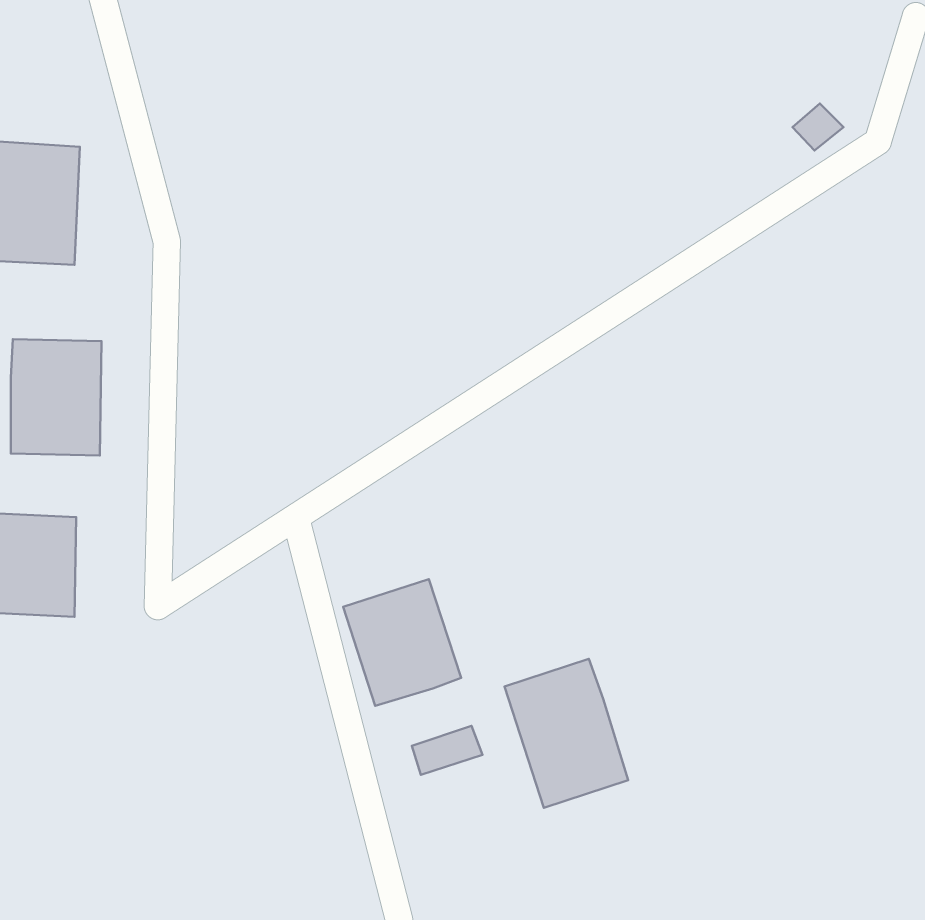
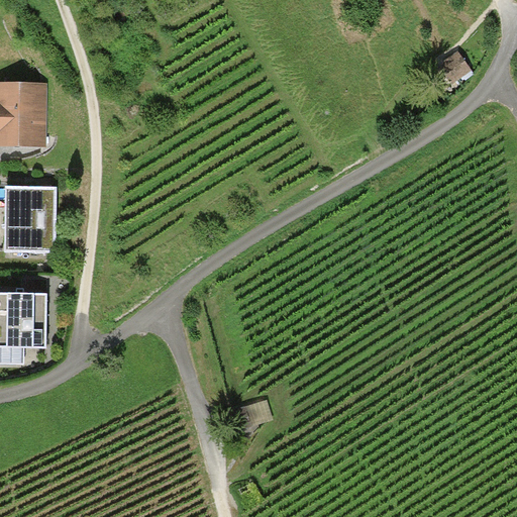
building: [343,579,461,706] -> none
building: [504,659,628,808] -> none

